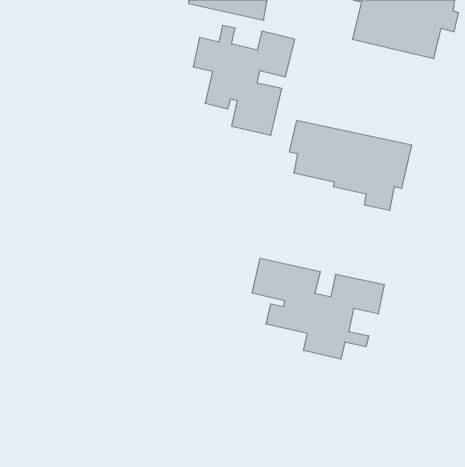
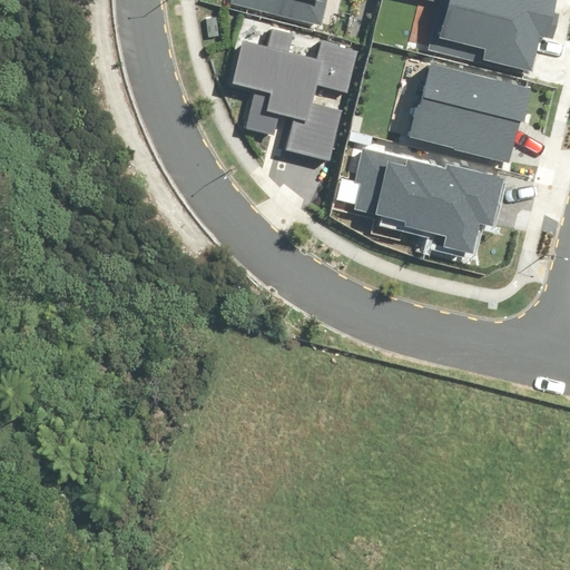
building: none -> [410,63,529,161]
building: [252,258,384,359] -> none

